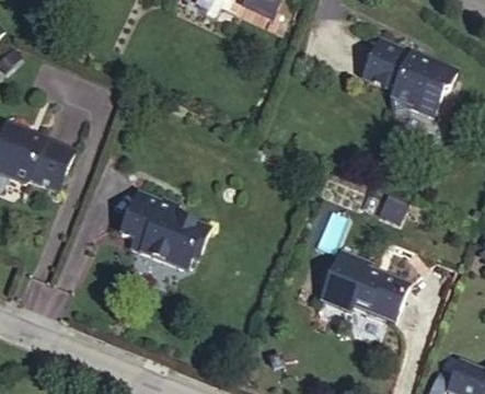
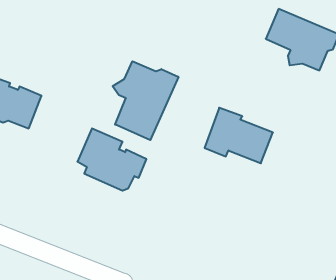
building: none -> [113,61,178,140]
building: [320,252,407,323] -> [205,108,273,163]

